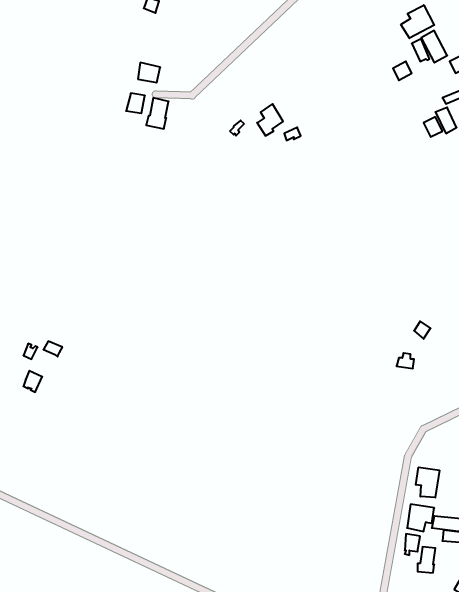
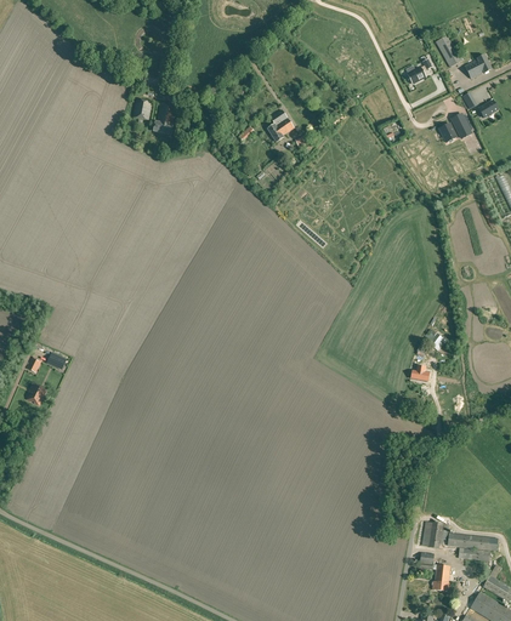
building: [401,5,434,38] -> none
building: [416,467,439,498] -> none

